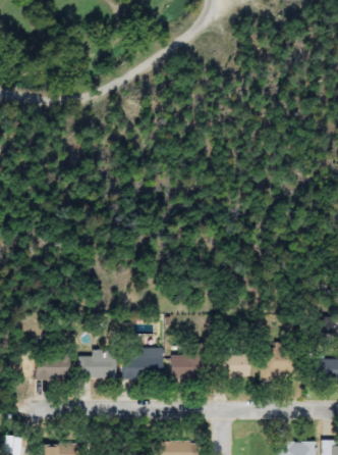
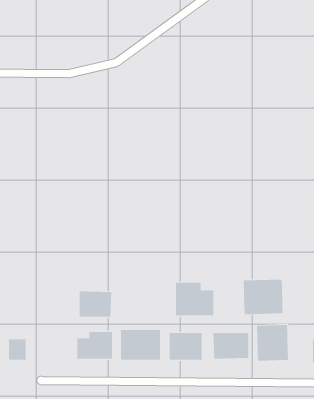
building: none -> [243,279,283,315]
building: none -> [176,282,214,316]
building: [36,354,69,381] -> [79,291,112,317]

